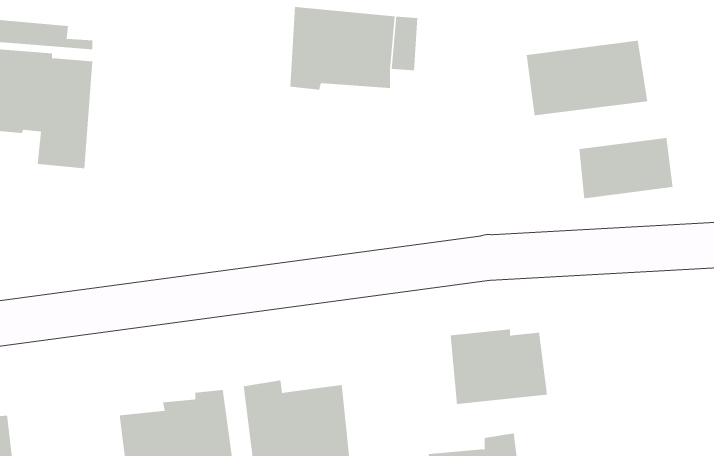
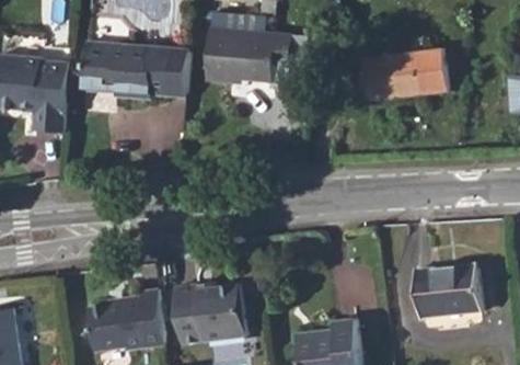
building: none -> [82,42,189,99]
building: [579,137,673,199] -> none
building: [450,329,548,404] -> [417,264,484,316]

